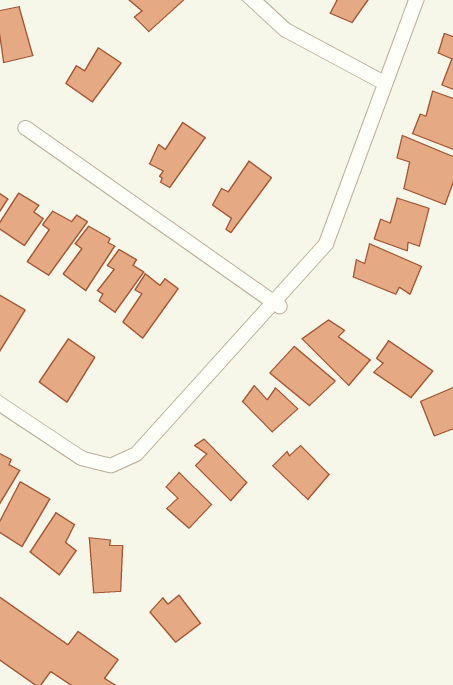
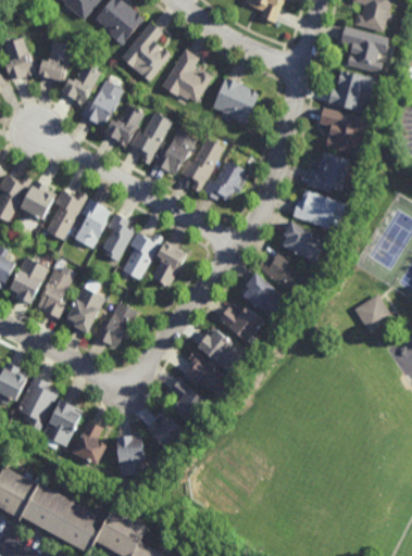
building: none -> [120,25,172,85]
building: none -> [37,42,72,84]
building: none -> [161,51,211,103]
building: none -> [82,81,123,126]
building: none -> [211,81,255,125]
building: none -> [103,105,143,149]
building: none -> [152,130,193,176]
building: none -> [201,161,244,204]
building: none -> [154,242,187,287]
building: none -> [37,269,73,318]
building: [374,341,433,398] -> [280,222,325,263]
building: none -> [93,302,137,349]
building: [273,446,329,500] -> [197,330,240,370]
building: [150,595,201,642] -> [145,414,184,450]

